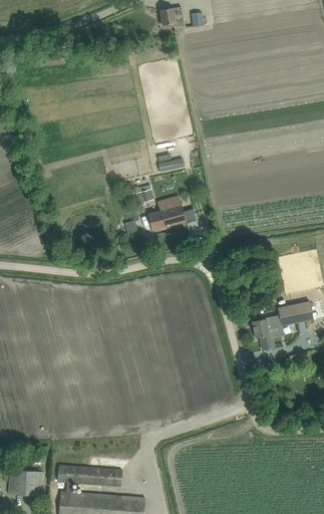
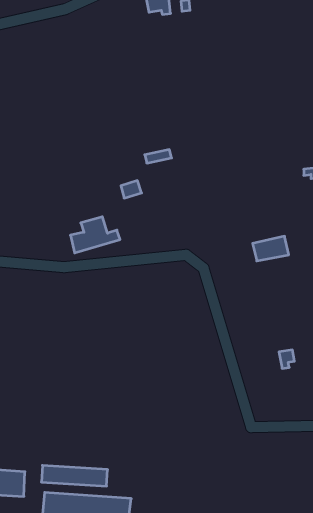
building: [146,196,195,231] -> [70,217,120,253]
building: [277,301,312,325] -> [253,236,289,261]
building: [251,317,274,349] -> none

